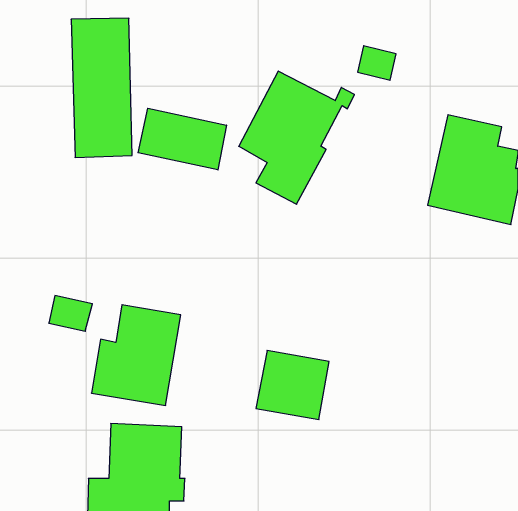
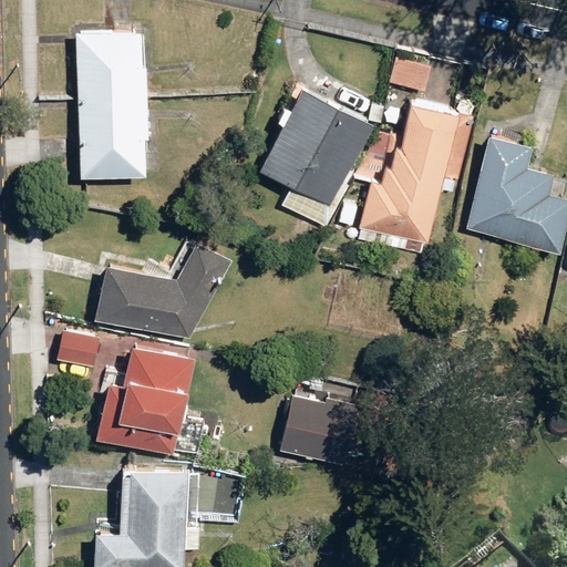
building: none -> [355,105,467,248]
building: [138,108,226,170] -> none
building: none -> [94,240,231,341]

